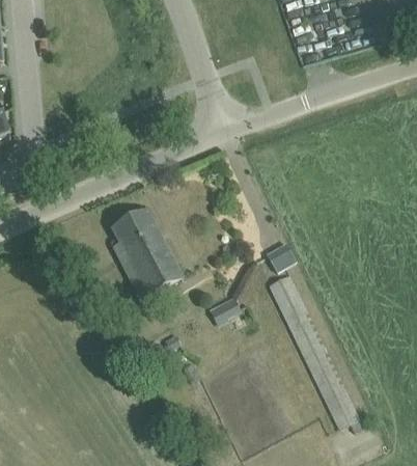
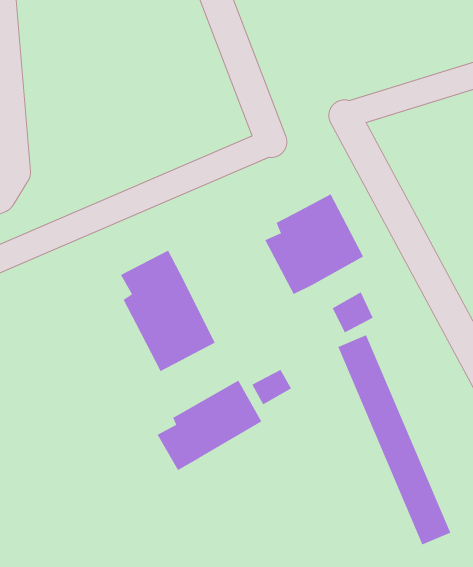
building: none -> [265,194,364,295]
building: none -> [157,380,262,471]

